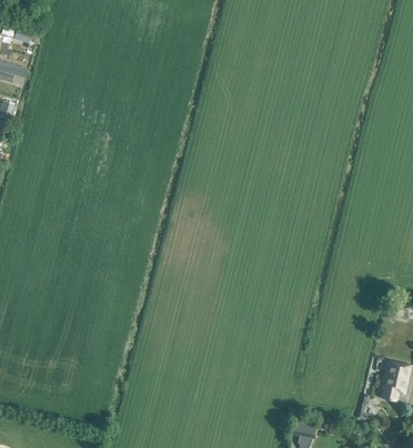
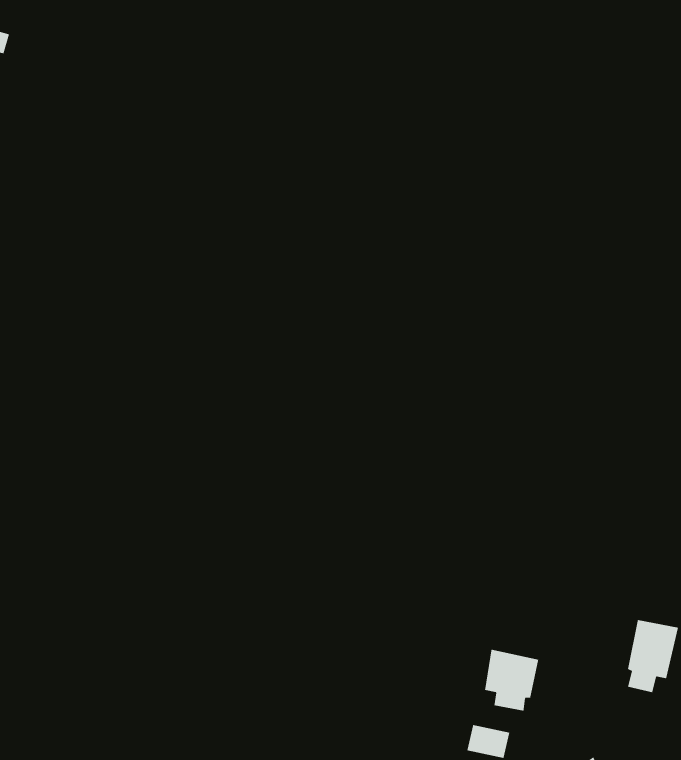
building: none -> [484,649,539,711]

